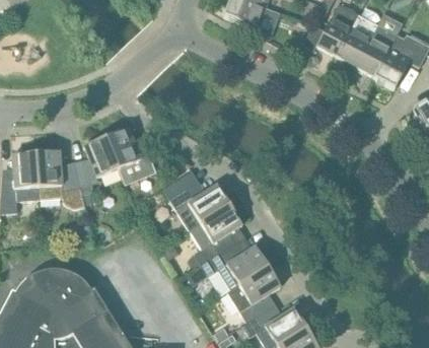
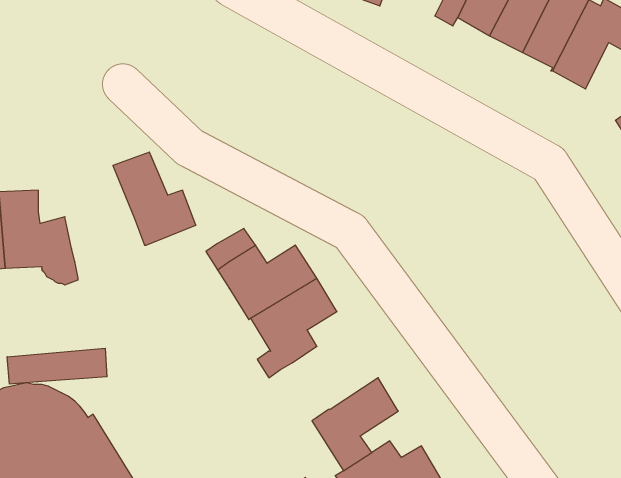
building: [77,135,120,194] -> none
building: [202,240,269,294] -> none
building: none -> [7,348,107,384]

